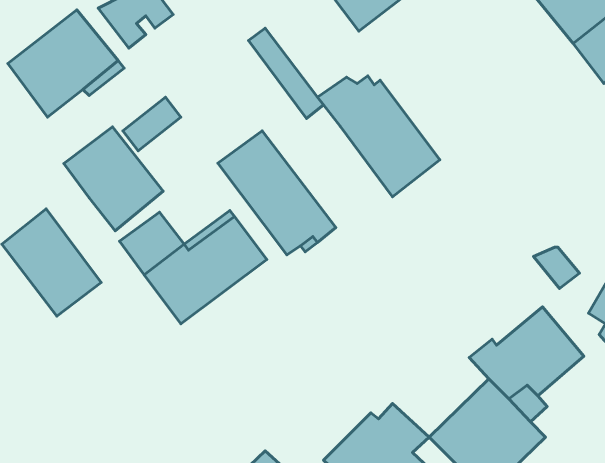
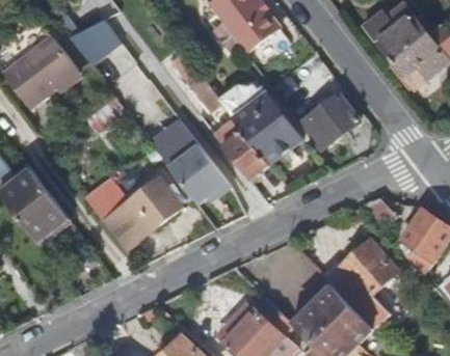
building: none -> [298,92,360,149]
building: none -> [212,116,268,179]
building: [64,127,163,231] -> none

